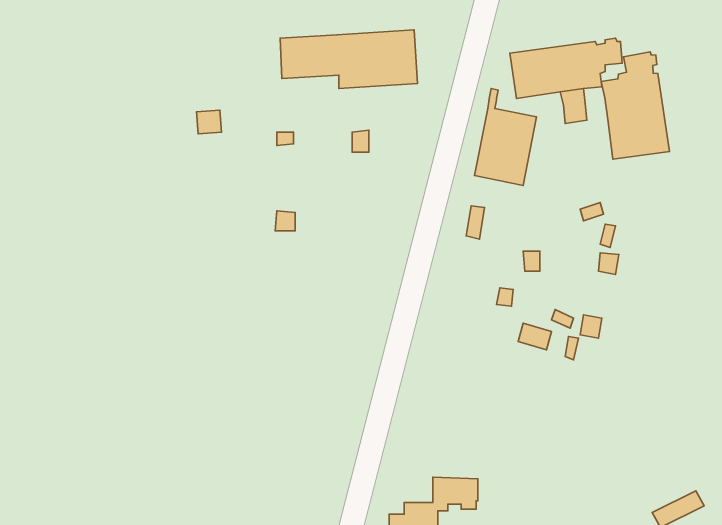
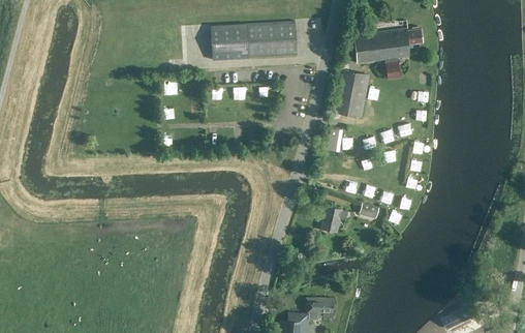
building: [601,52,669,159] -> none
building: none -> [322,207,348,233]

